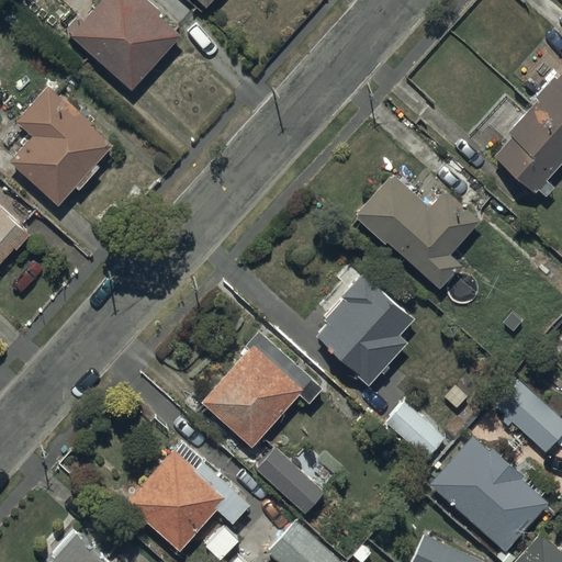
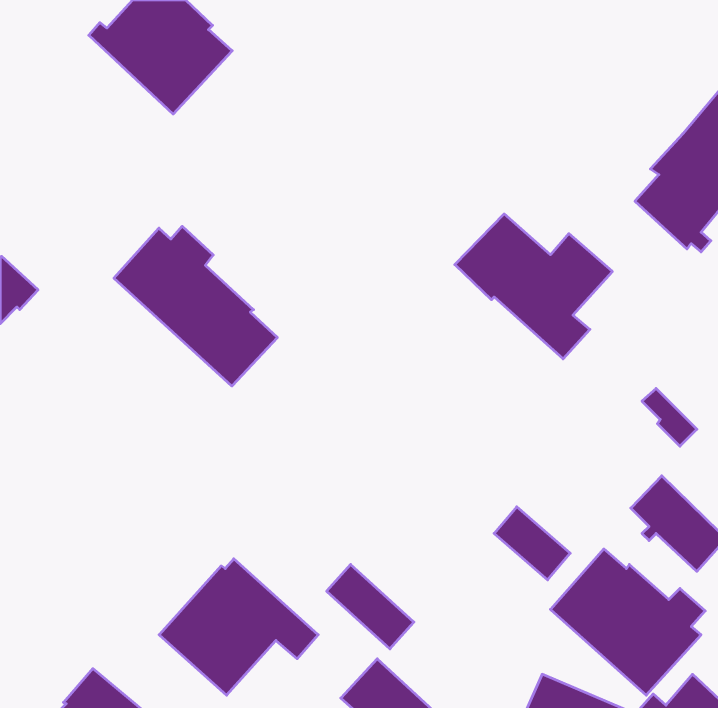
building: [10,86,113,205] -> none
building: none -> [114,226,277,386]
building: [316,270,415,385] -> none
building: [201,330,322,448] -> none

